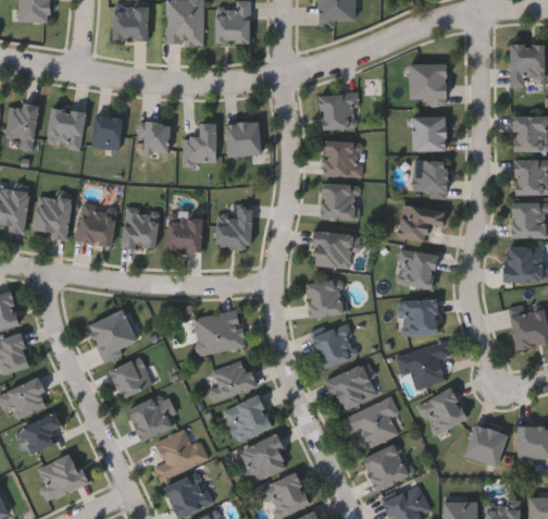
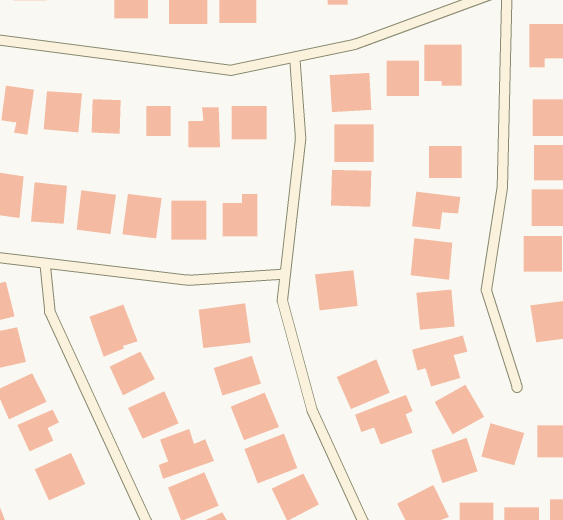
building: [412,114,445,149] -> [386,60,420,97]
building: [311,232,360,267] -> none
building: [310,322,359,369] -> none
building: [362,444,408,489] -> [431,437,478,484]

